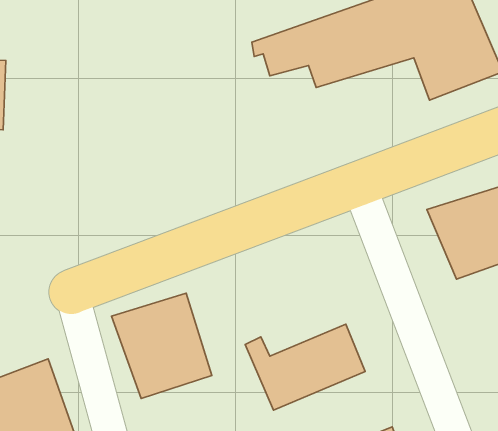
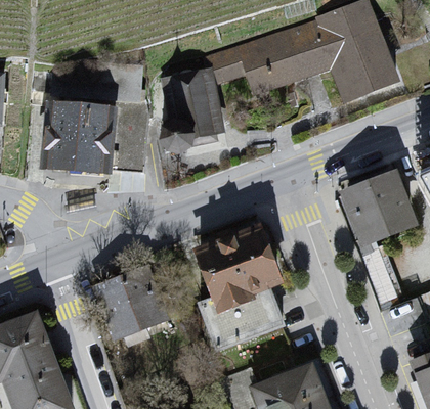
building: none -> [159,67,222,155]
building: none -> [48,103,121,174]
building: none -> [196,226,284,308]

